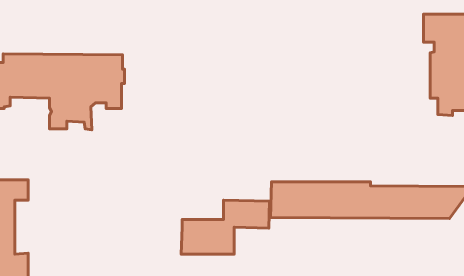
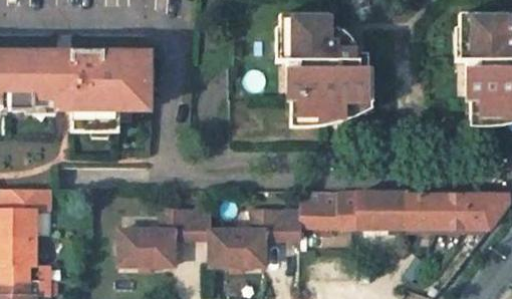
building: none -> [281,14,372,119]
building: none -> [117,210,209,265]

